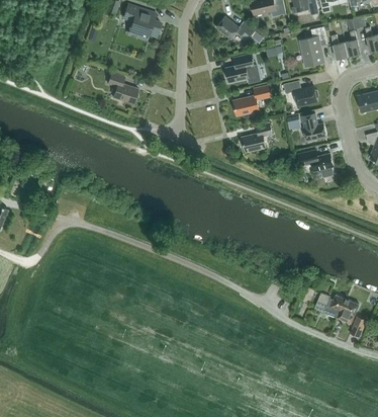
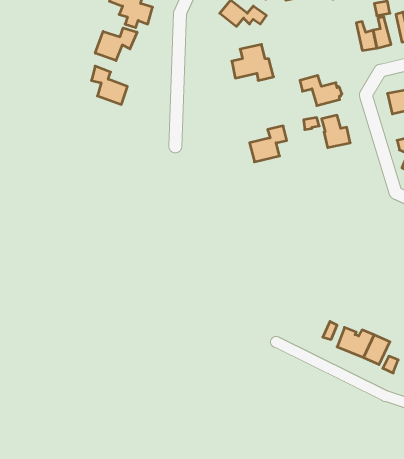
building: [299,26,327,66] -> none
building: none -> [95,28,137,61]
building: [232,85,270,115] -> none
building: [297,151,333,177] -> none

